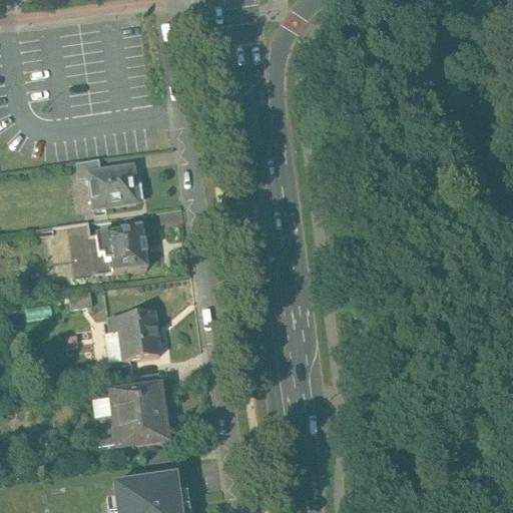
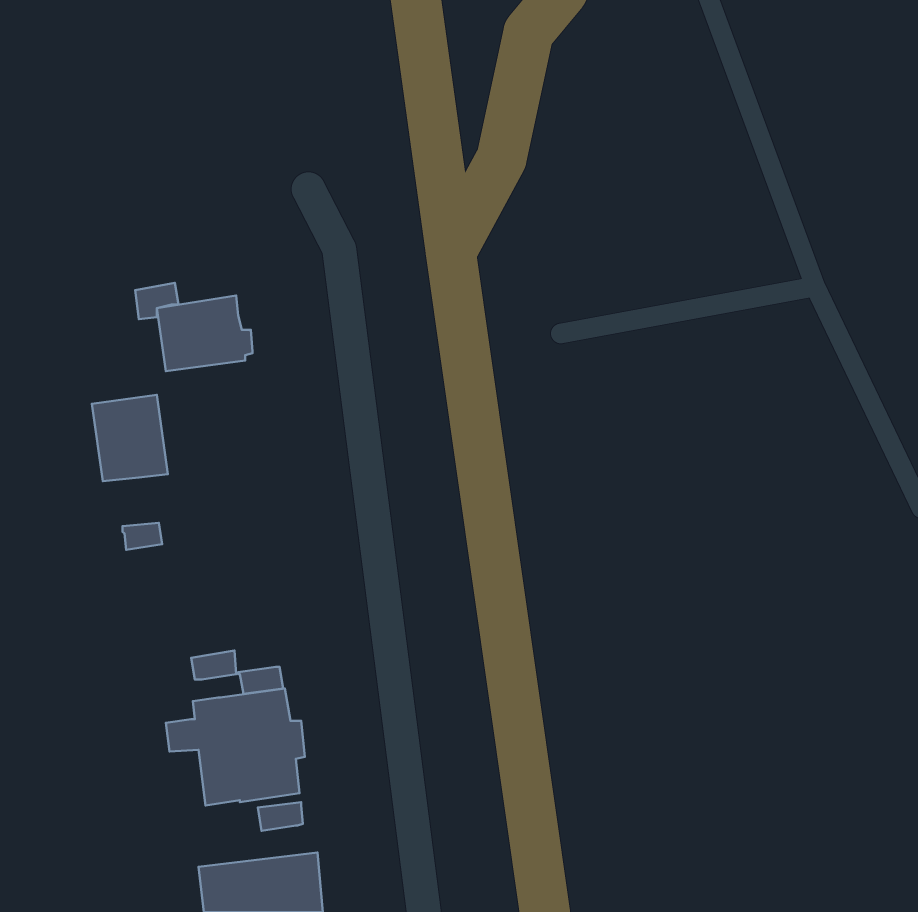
building: [98,224,150,271] -> none
building: [109,311,159,358] -> none

